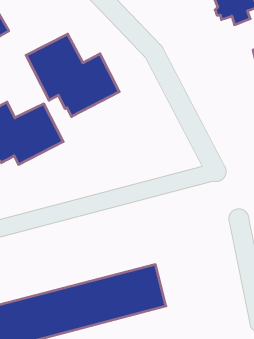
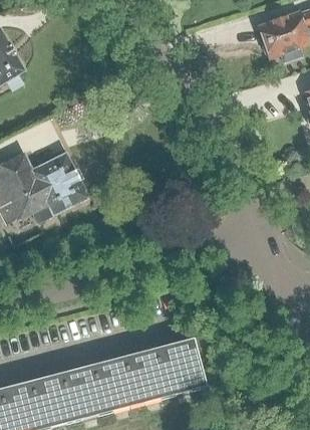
building: [26,34,119,117] -> none

